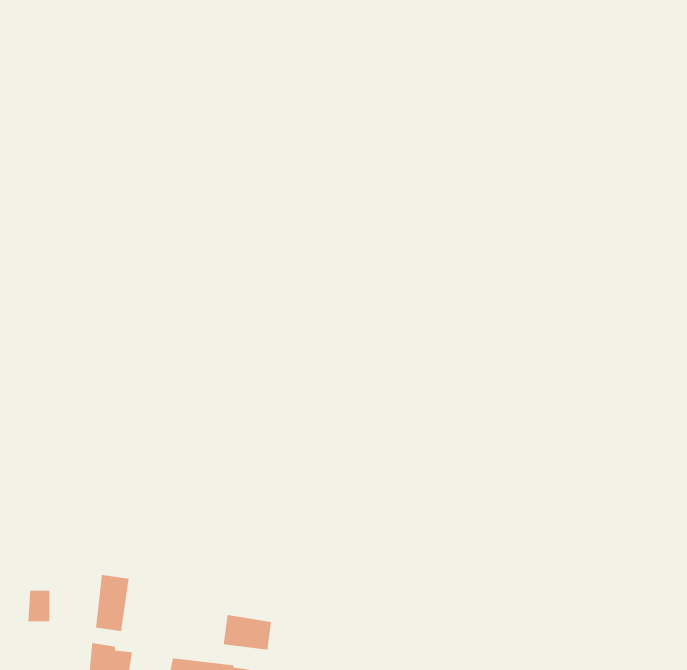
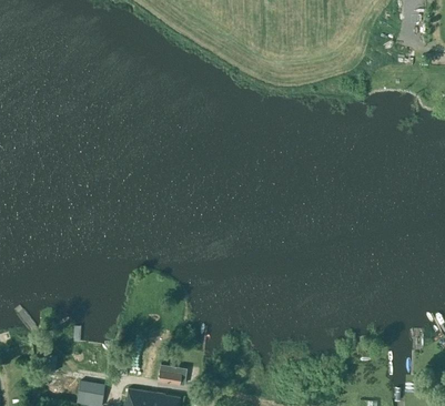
building: [95,574,129,632] -> none

